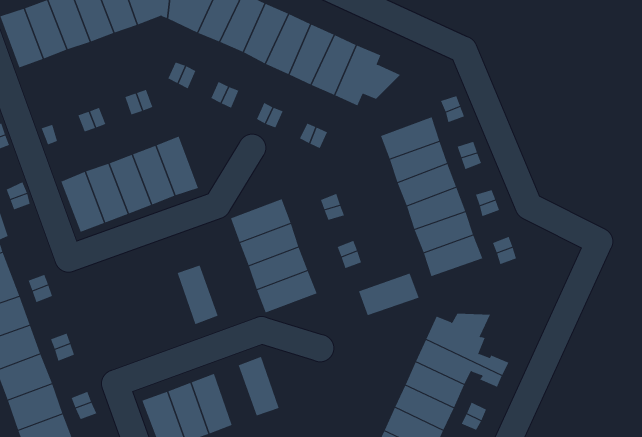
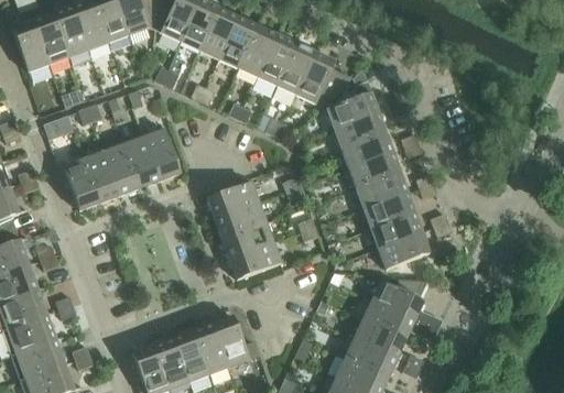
building: none -> [325,92,377,129]
building: [177,265,218,325] -> [193,323,228,373]
building: [358,273,419,316] -> [376,232,427,269]

